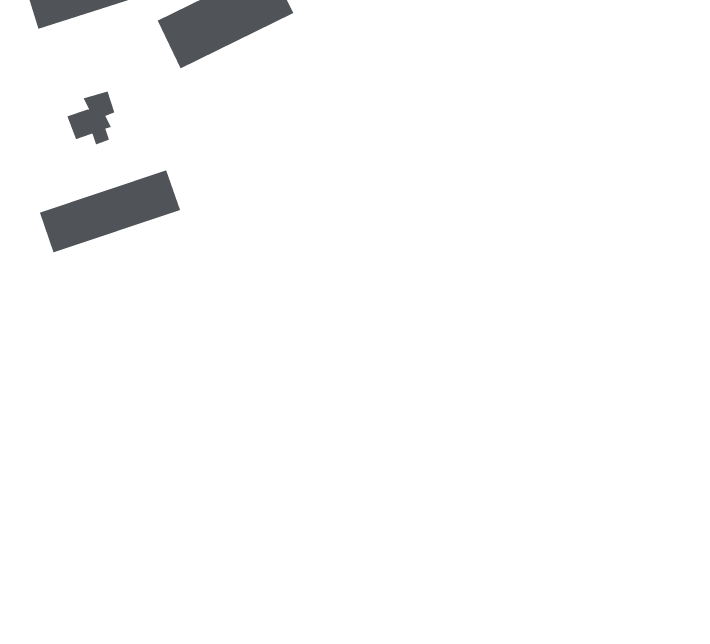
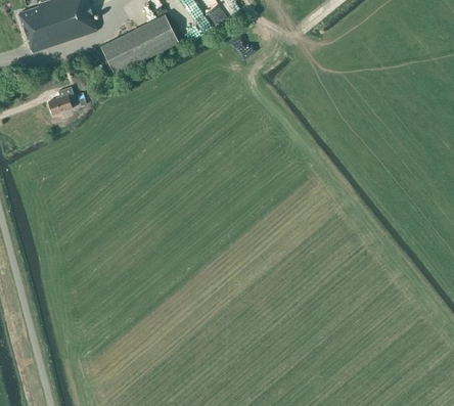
building: [39,170,181,253] -> none

